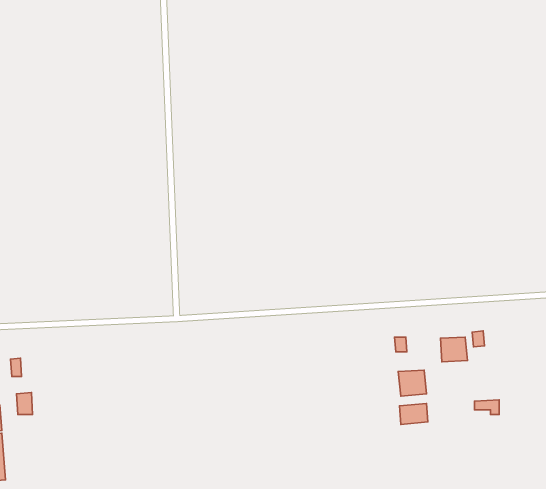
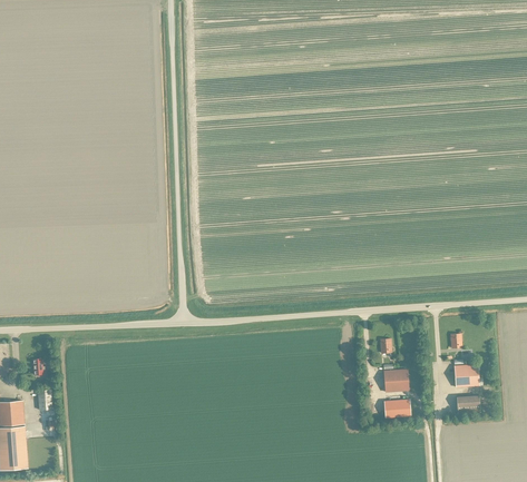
building: [441,337,468,362] -> [455,364,479,386]

